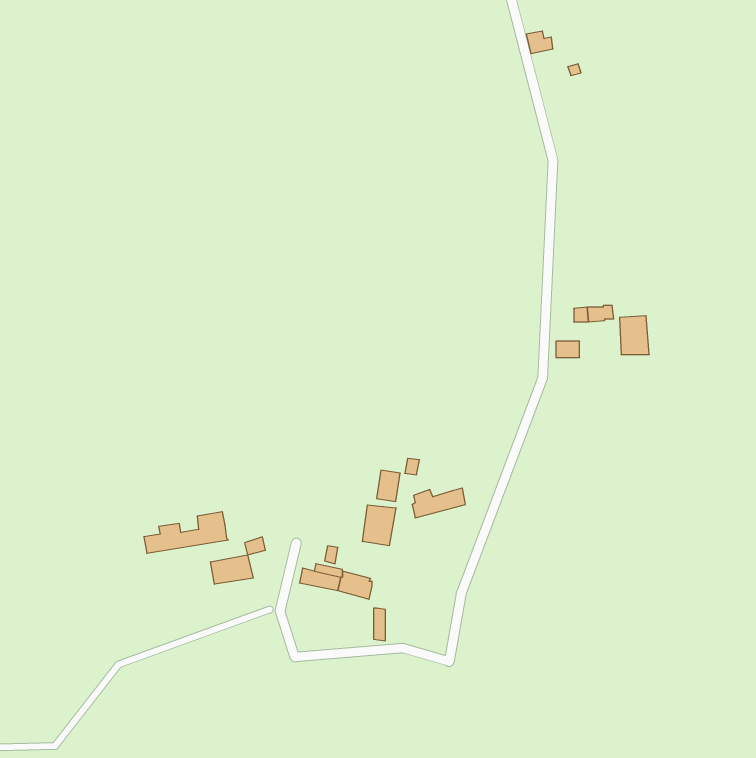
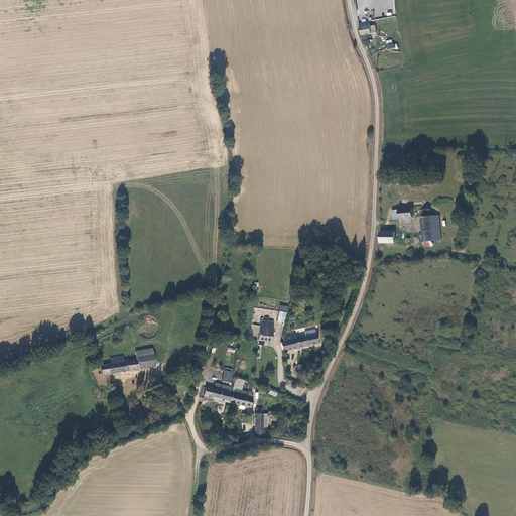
building: [362,505,396,546] -> none
building: [211,555,253,584] -> none

